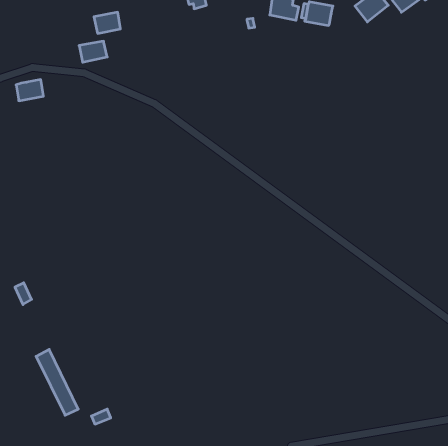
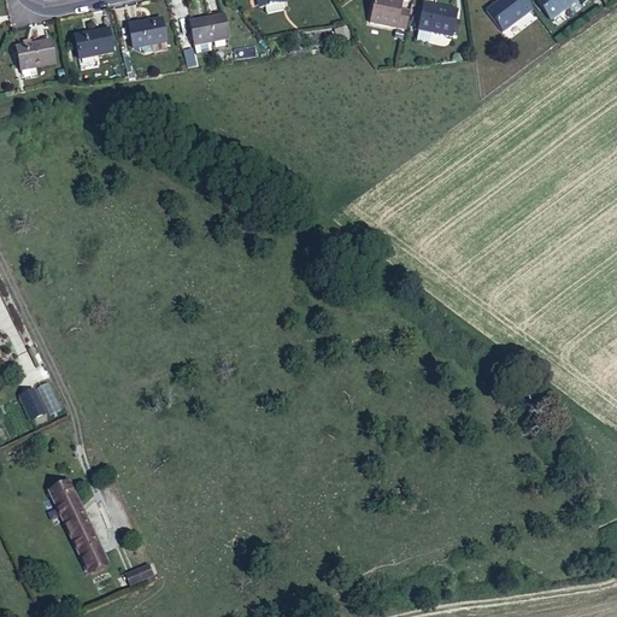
building: none -> [192,13,229,43]
building: [79,41,107,62] -> [76,28,114,57]
building: [16,80,43,101] -> [18,39,55,67]

